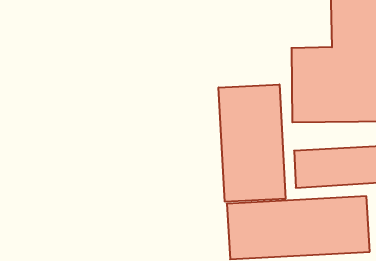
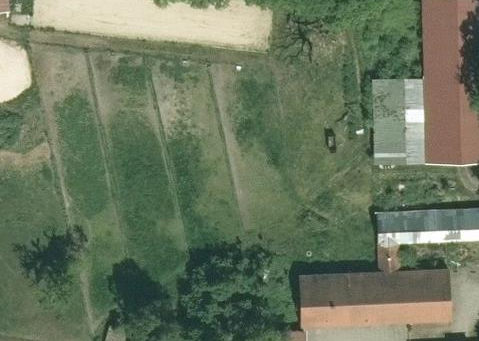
building: [219,84,286,202] -> none

